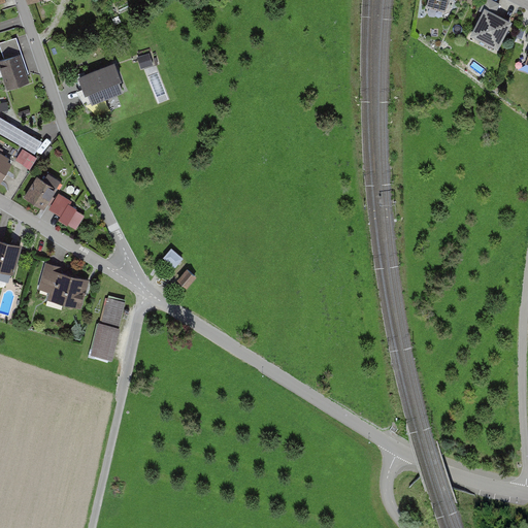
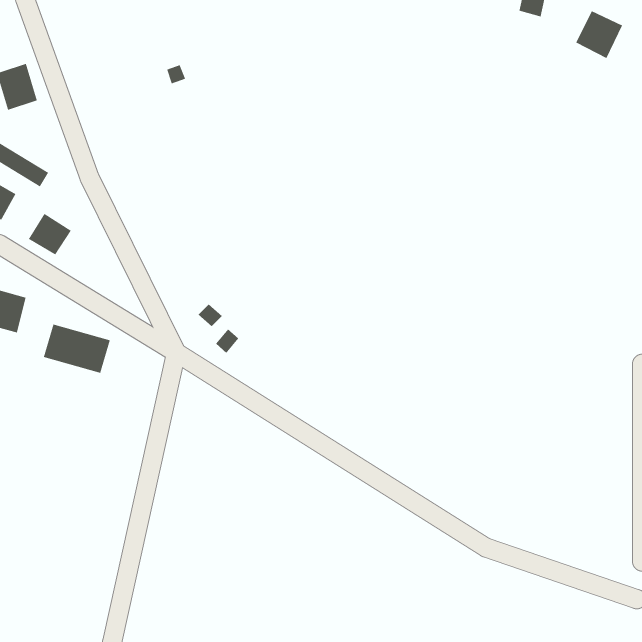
building: [76,64,125,106] -> none
building: [50,190,86,228] -> none
building: [88,295,125,361] -> none

